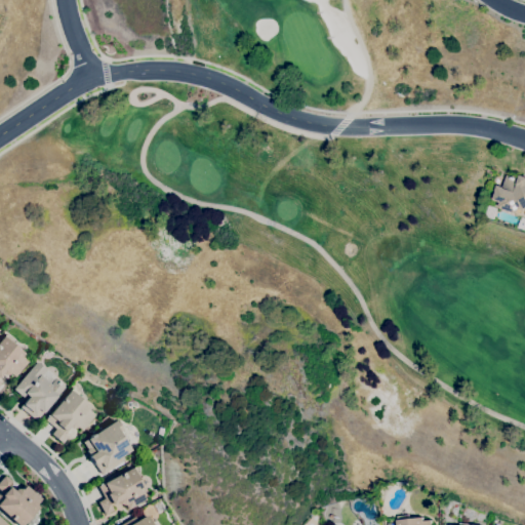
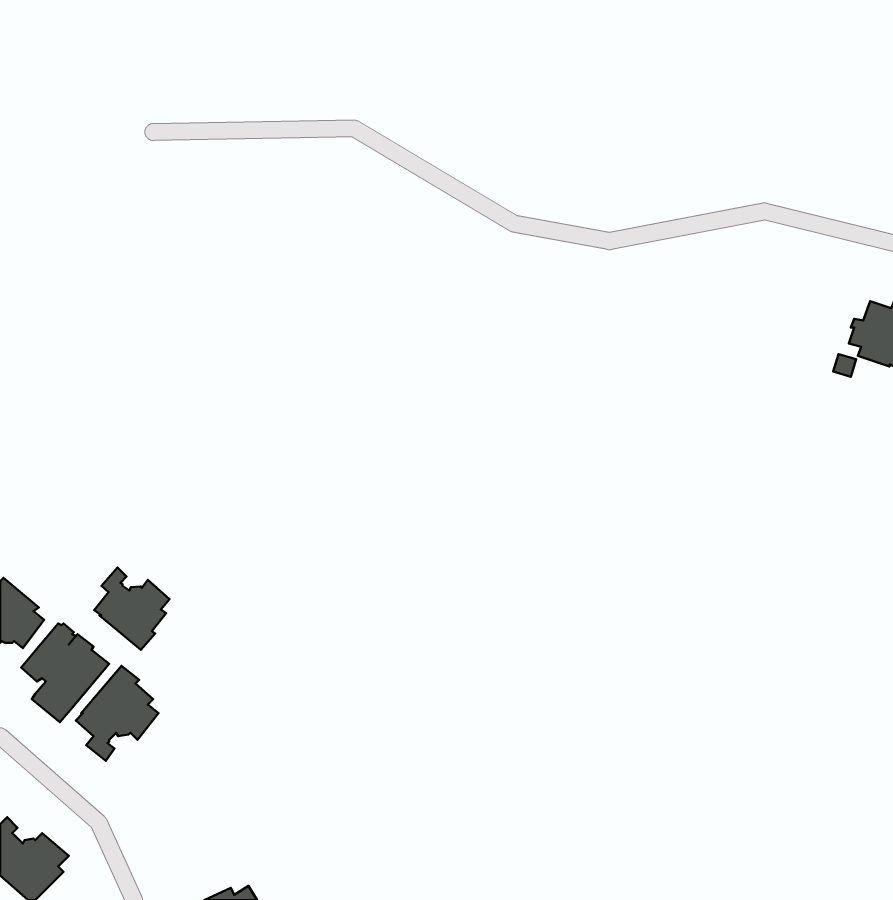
building: none -> [94,567,170,650]
building: [85,420,133,475] -> none
building: [102,468,148,515] -> none

